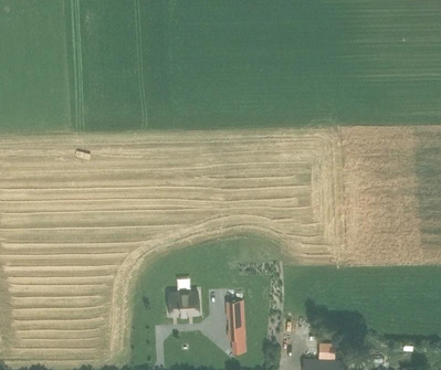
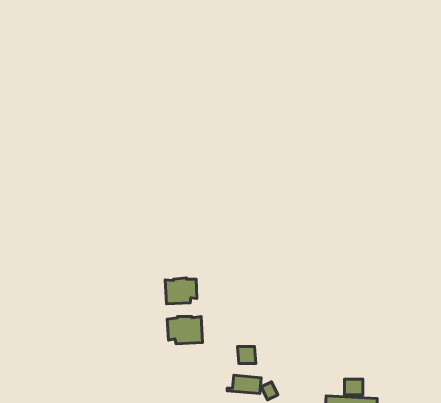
building: none -> [165,278,197,304]

